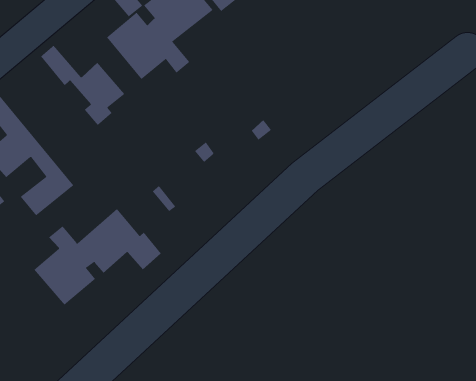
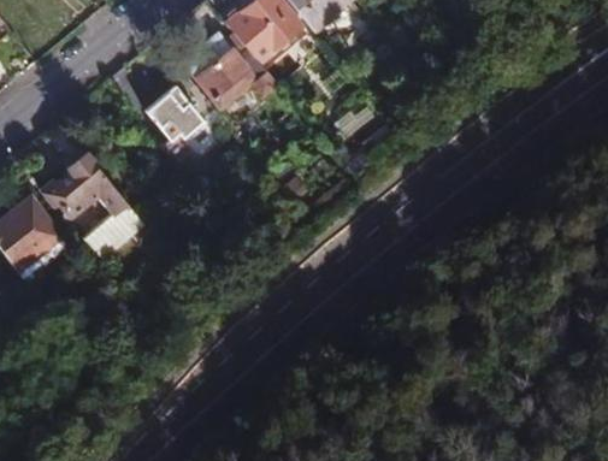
building: [34,208,162,306] -> none

